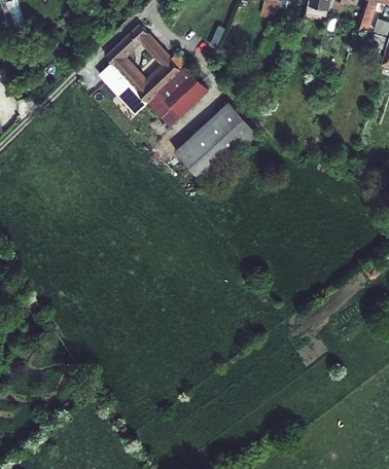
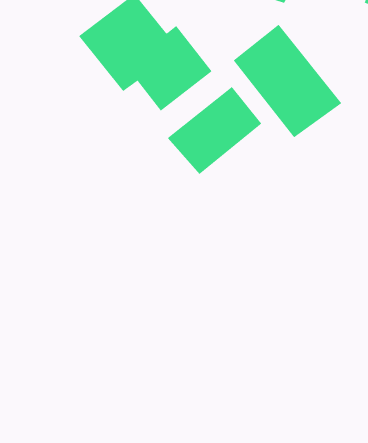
building: none -> [233,24,342,138]

